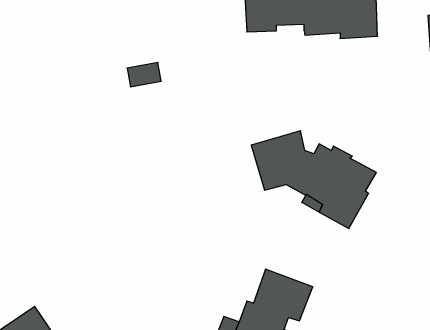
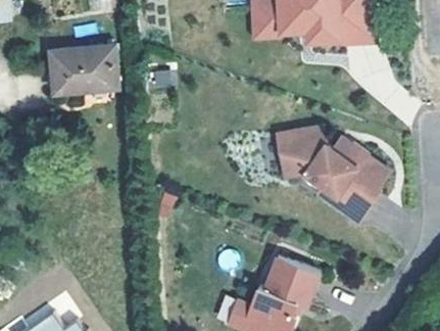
building: none -> [53,45,118,95]

